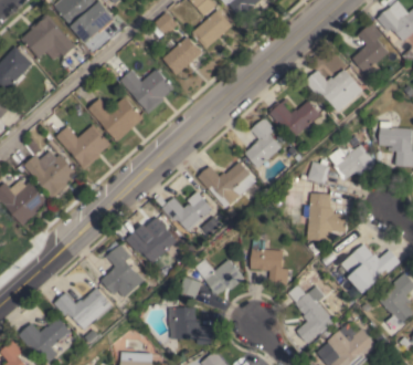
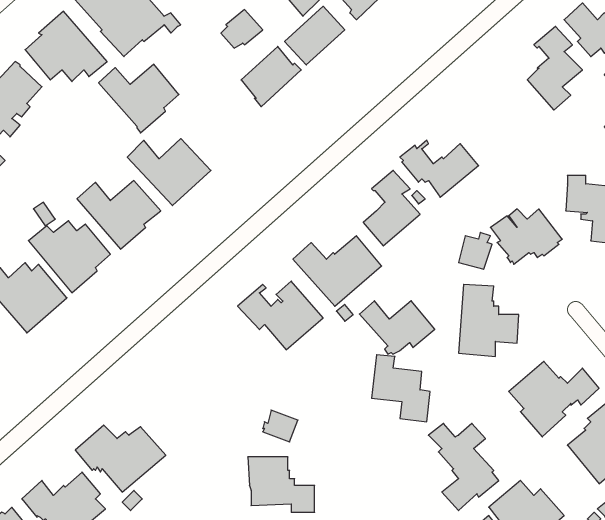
building: [120,69,173,114] -> [99,64,179,133]
building: [305,69,362,112] -> none
building: [126,228,177,263] -> none
building: [100,244,145,298] -> none
building: [194,259,244,294] -> [359,301,435,354]

